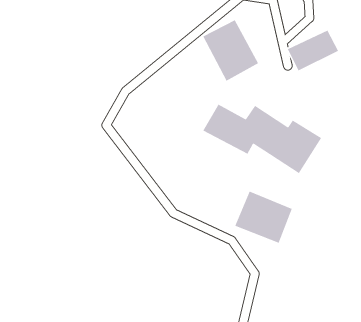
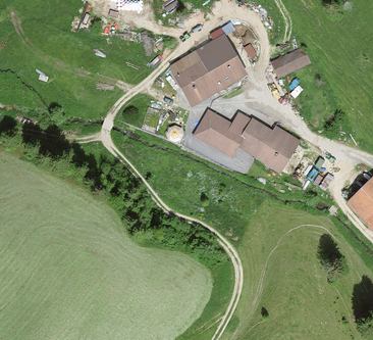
building: none -> [167,50,216,107]
building: [234,191,293,244] -> none

